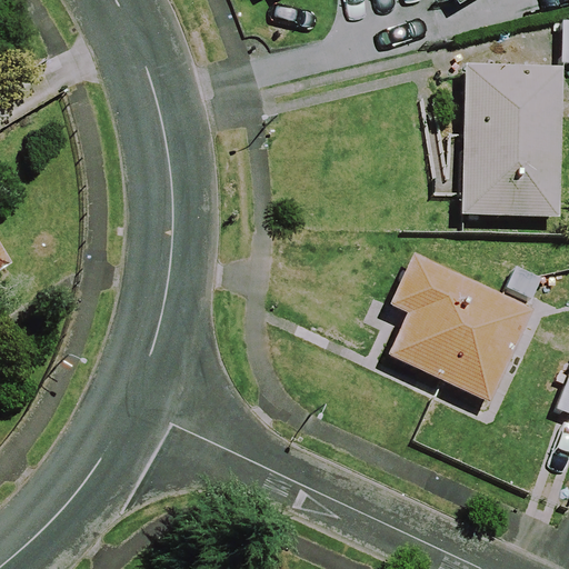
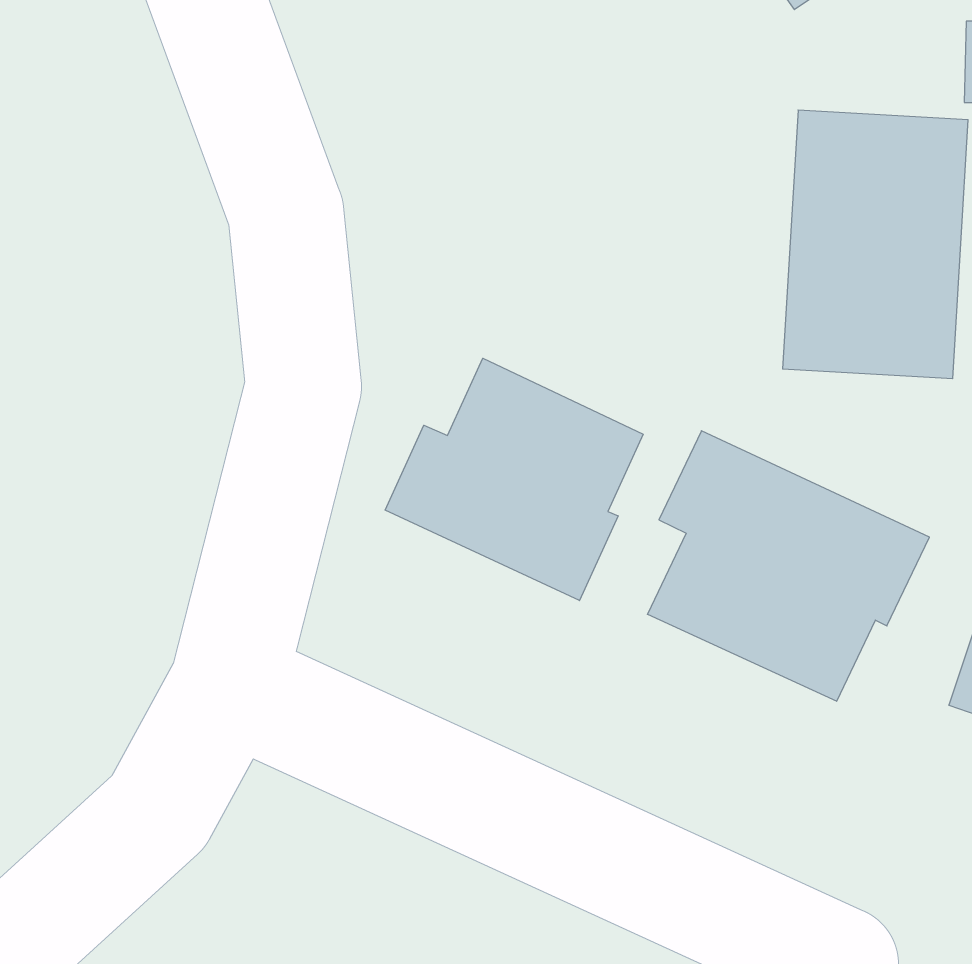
building: none -> [385,358,643,601]

